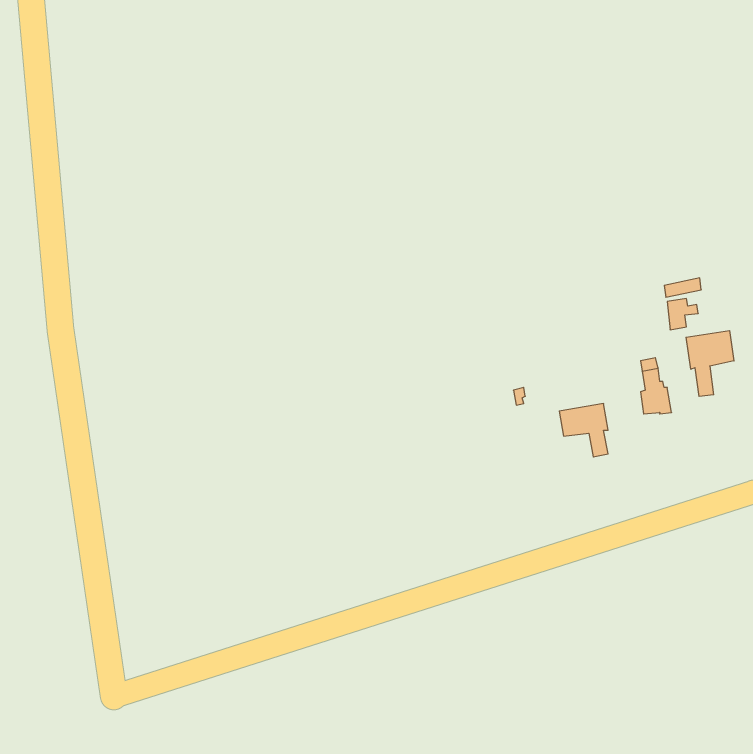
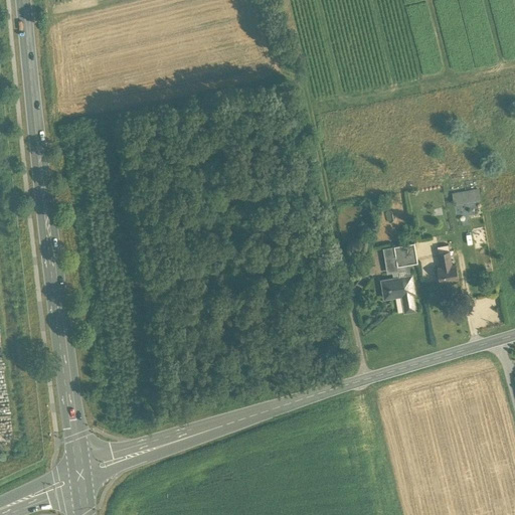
building: [686,331,734,396] -> none
building: none -> [392,242,415,267]

